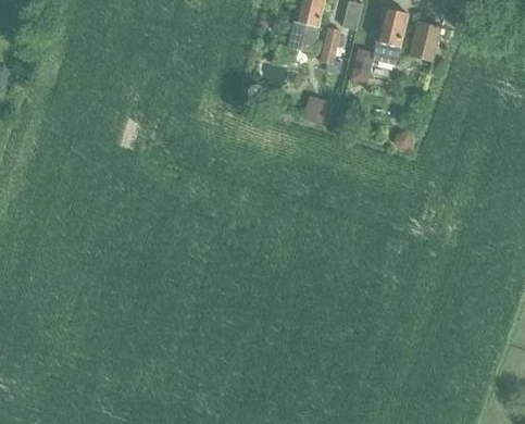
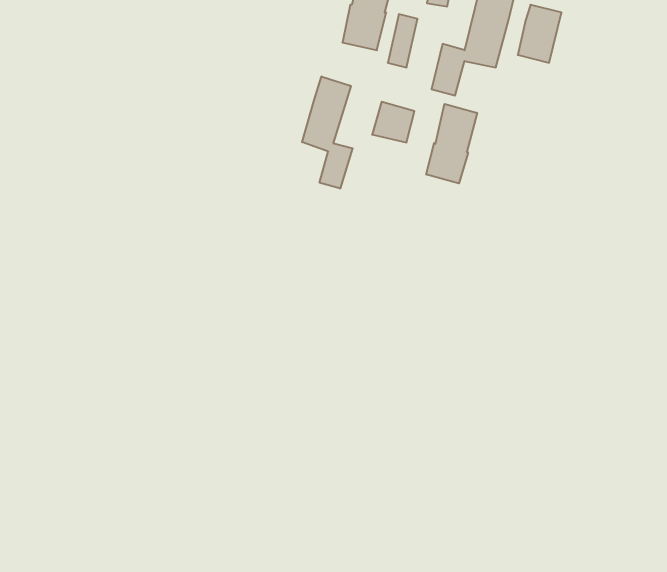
building: none -> [302,76,353,189]
building: none -> [426,104,477,183]

